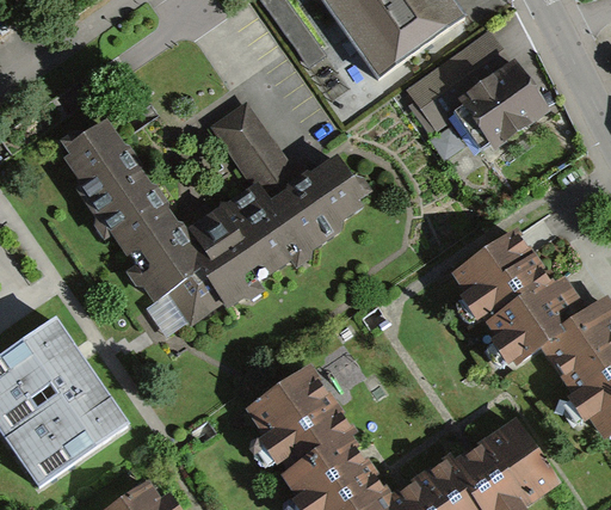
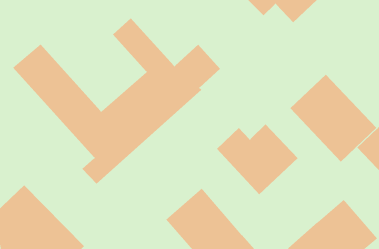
building: none -> [216,124,299,195]

